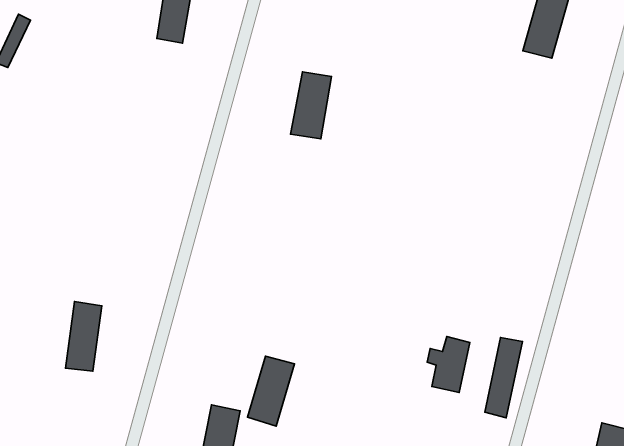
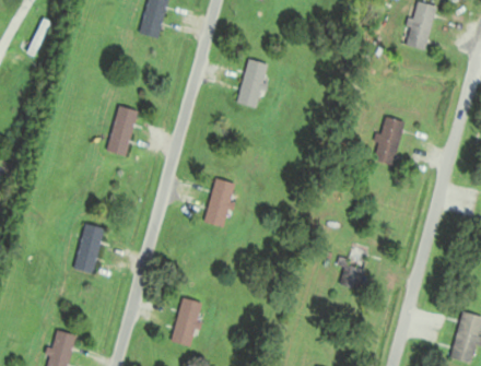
building: none -> [107,106,137,156]
building: none -> [373,116,403,165]
building: [485,337,522,418] -> none
building: [247,356,294,426] -> [202,178,236,228]

